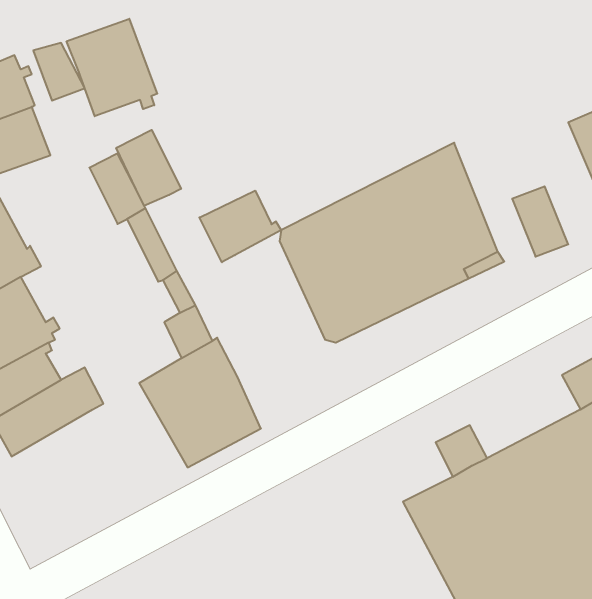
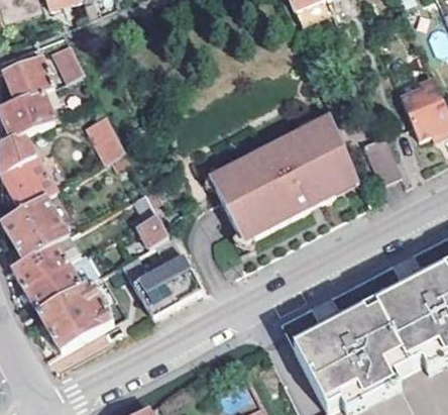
building: [67,19,157,116] -> none
building: [116,130,181,206] -> none
building: [199,191,281,262] -> none
building: none -> [38,283,114,353]

